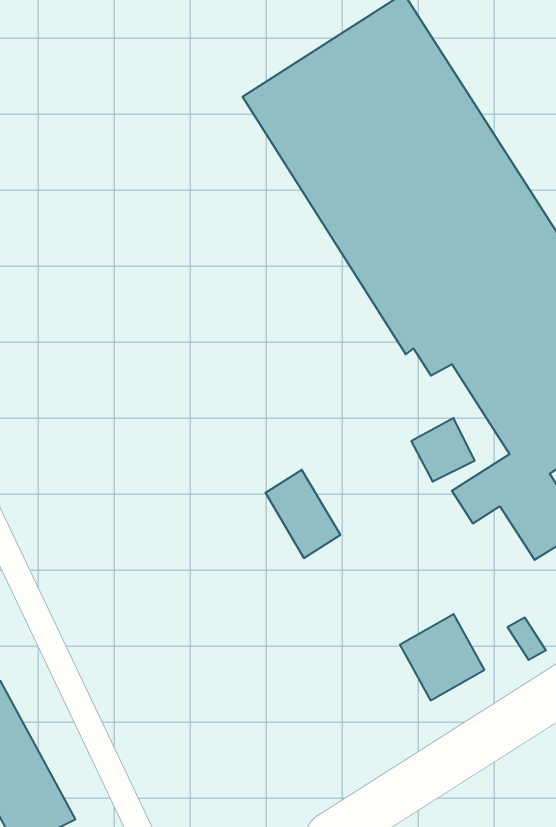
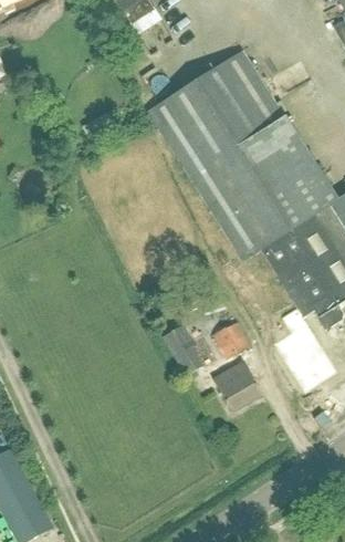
building: [411,418,475,482] -> [215,321,251,357]
building: [400,614,484,700] -> [213,361,262,410]

